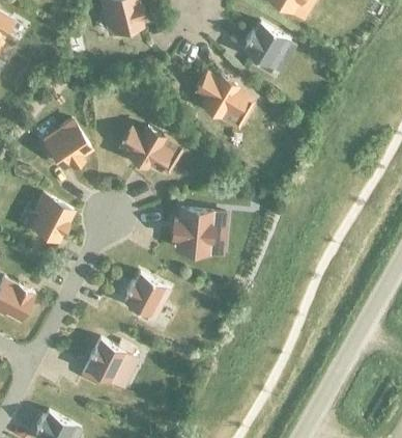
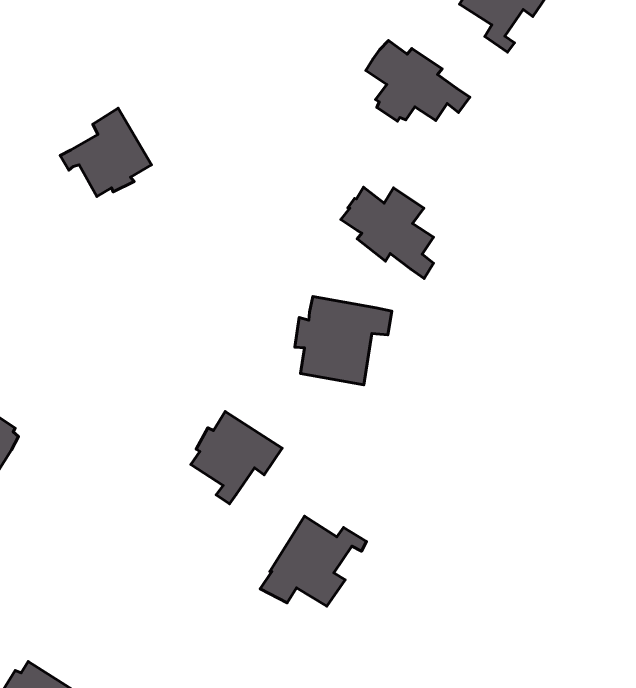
building: [121,129,171,174] -> [341,187,434,278]
building: [31,196,73,240] -> none
building: [81,339,134,385] -> [260,516,366,606]

